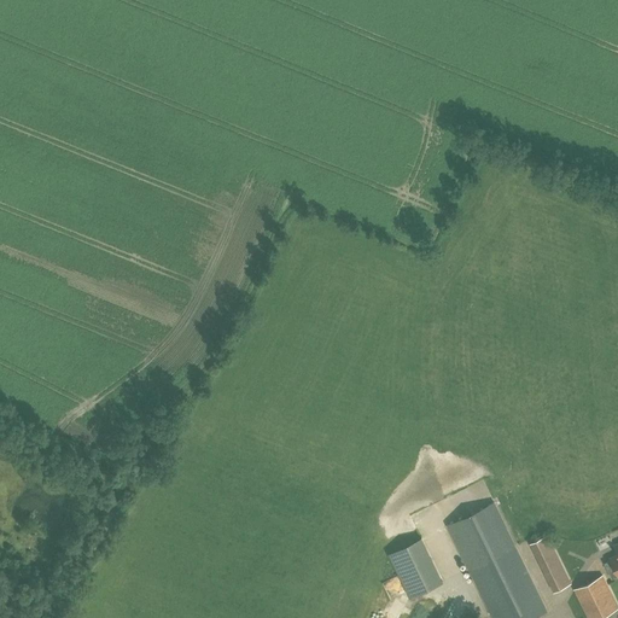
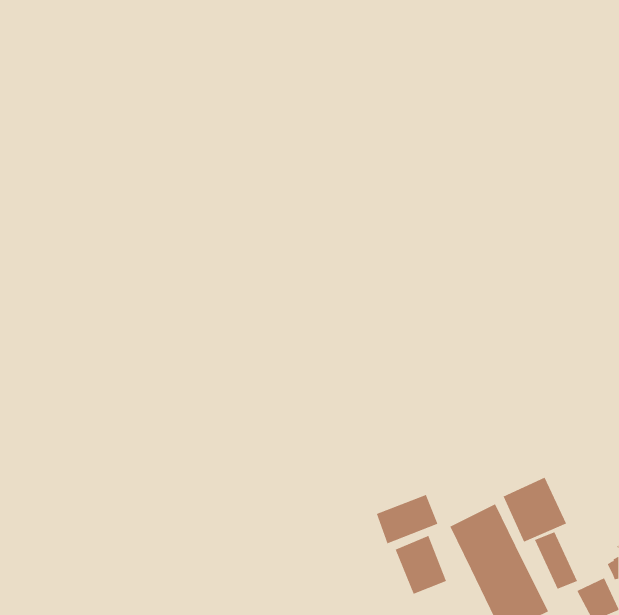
building: none -> [503,477,567,542]
building: none -> [376,494,438,544]

